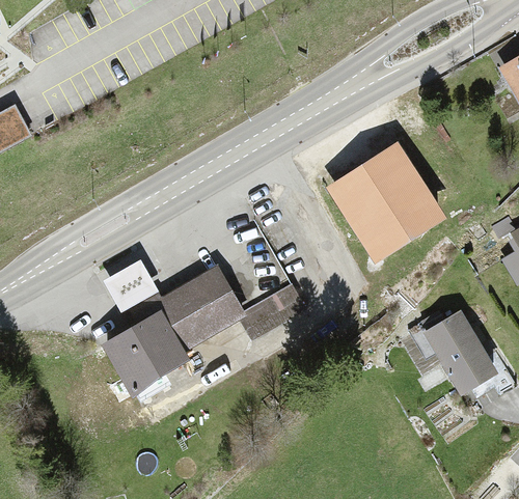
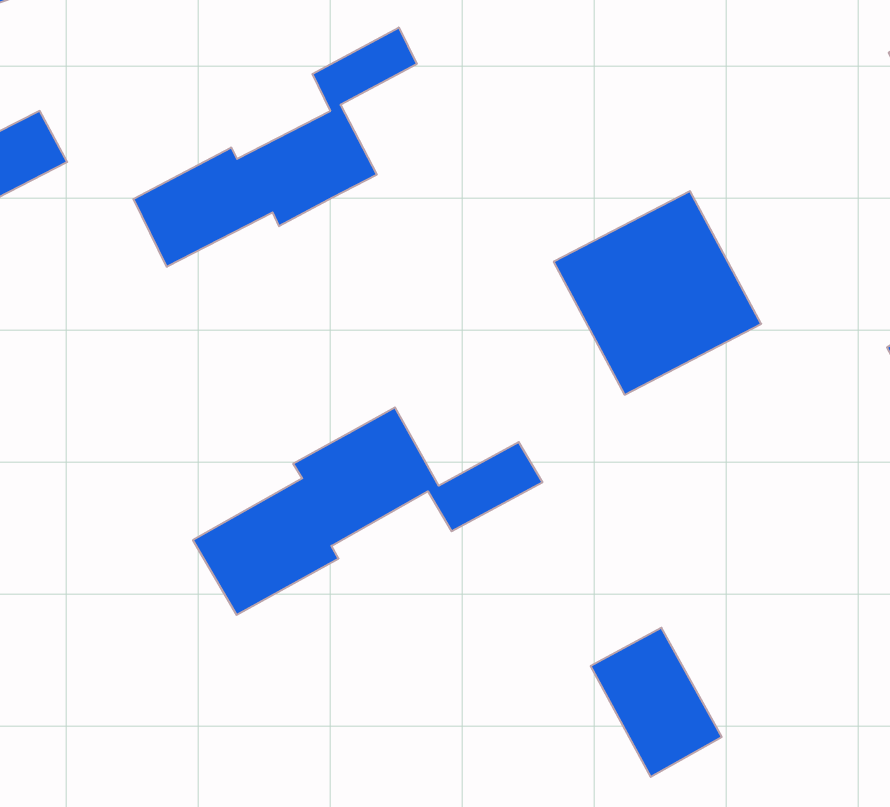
building: none -> [133,27,417,267]
building: [418,311,493,396] -> [591,628,722,777]

